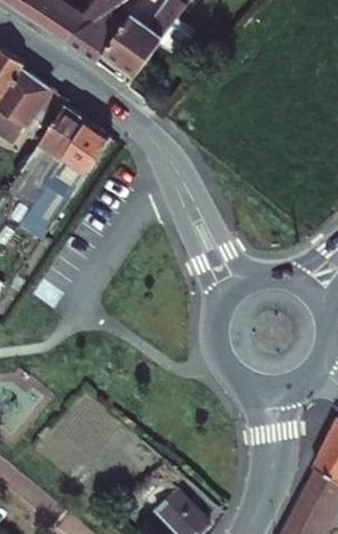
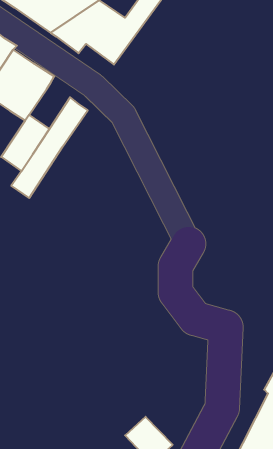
building: [37,100,86,154] -> none

